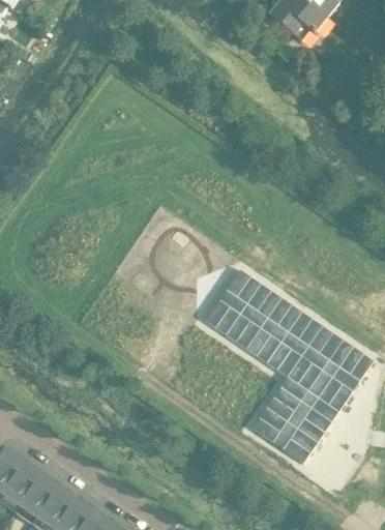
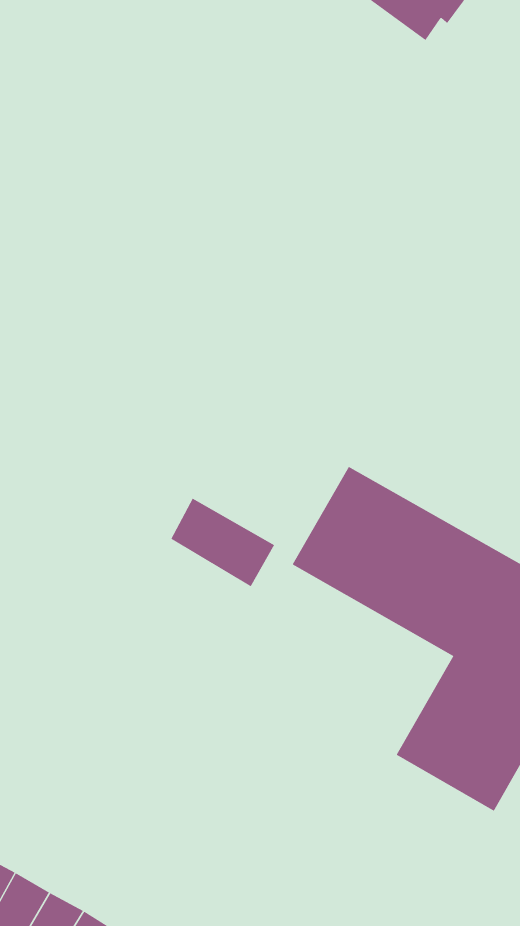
building: none -> [171,498,275,587]

